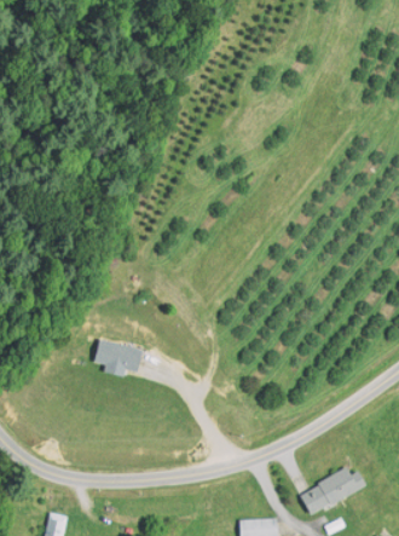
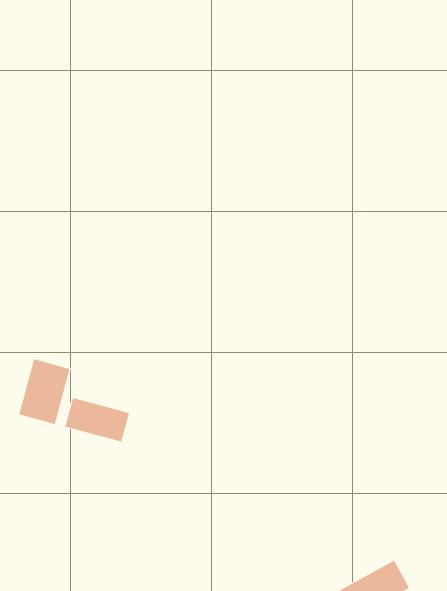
building: none -> [19,359,70,425]

